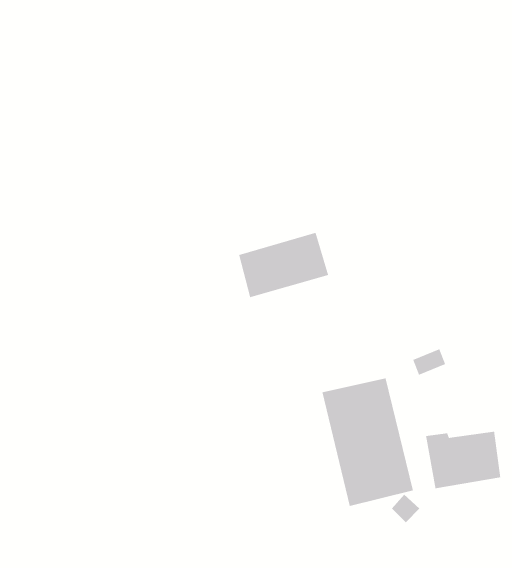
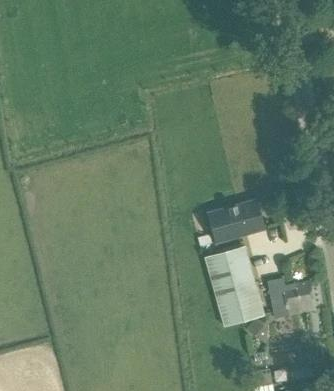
building: [238,232,329,298] -> [210,200,266,241]

